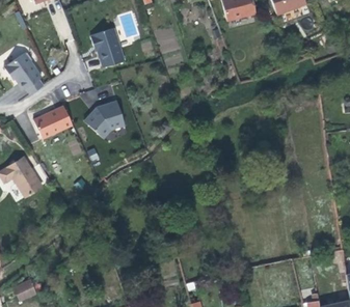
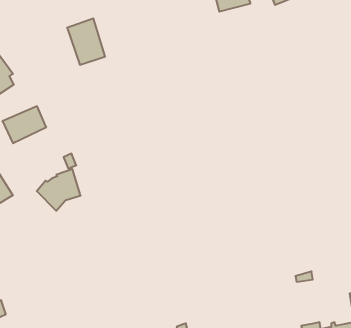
building: [84,101,124,138] -> [37,169,81,211]

